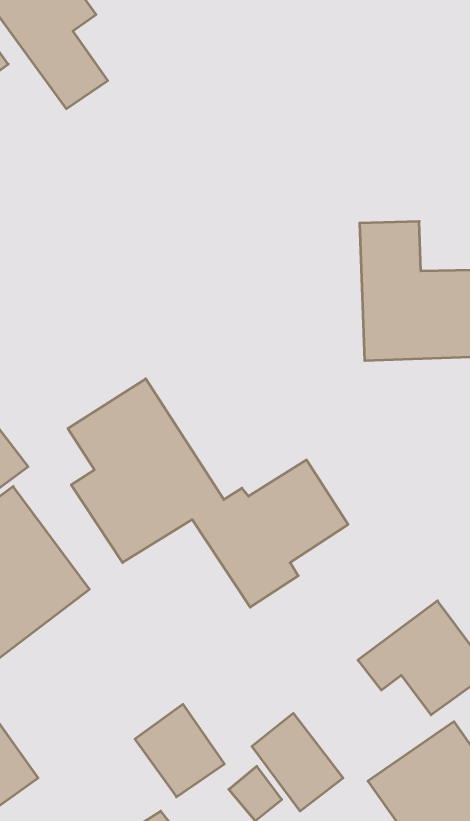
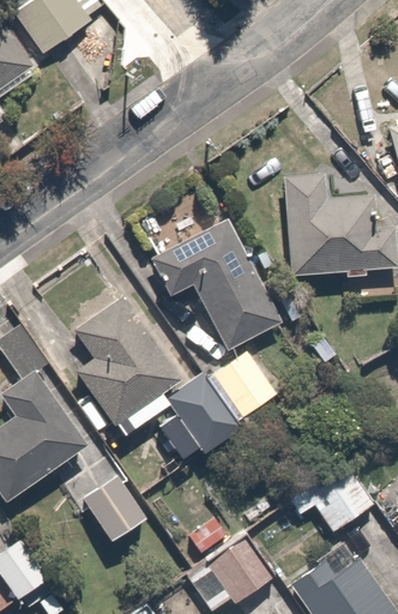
building: none -> [145,218,283,351]
building: [135,704,224,797] -> [80,471,145,538]

